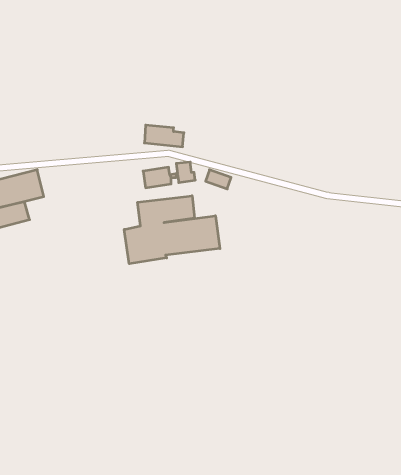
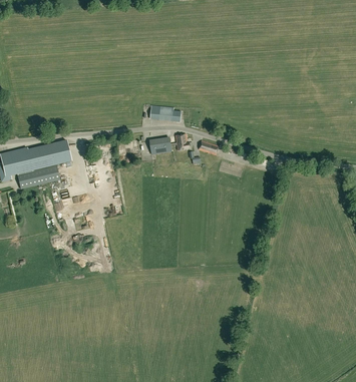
building: [124,196,220,264] -> none

